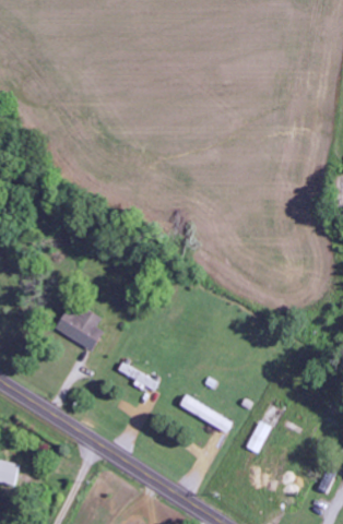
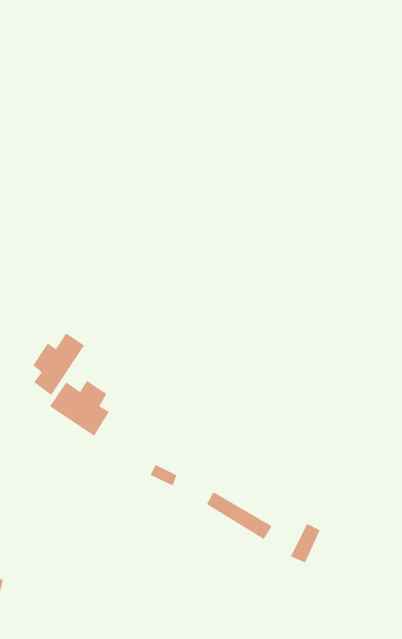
building: none -> [33,332,85,396]

